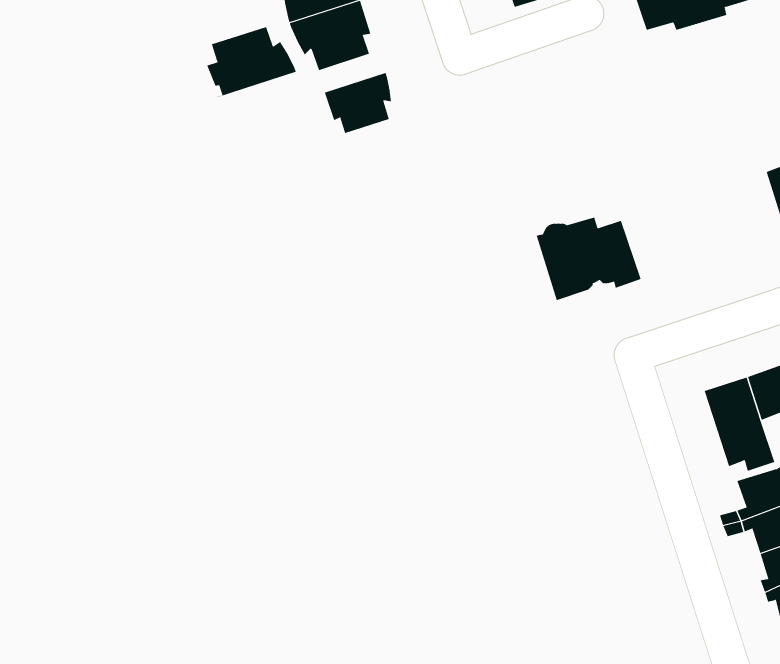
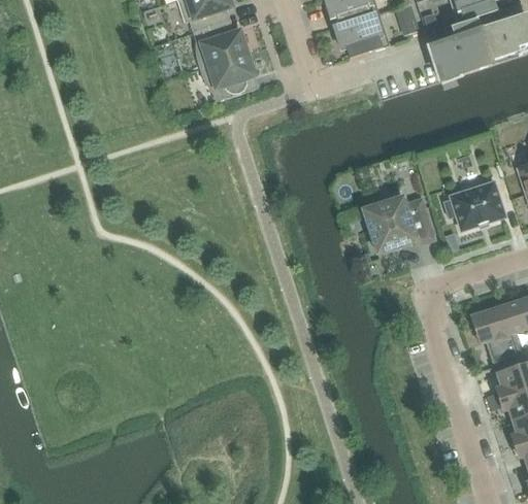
building: [207,24,296,98] -> none
building: [324,72,391,134] -> none
building: none -> [443,166,504,230]

